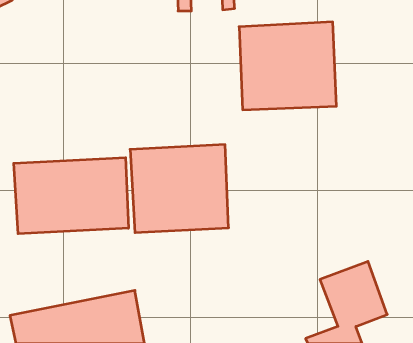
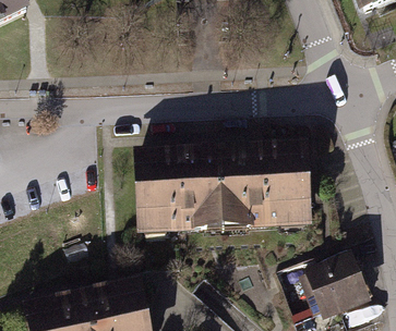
building: [239,22,336,110] -> [224,145,312,224]
building: [14,158,128,234] -> none

